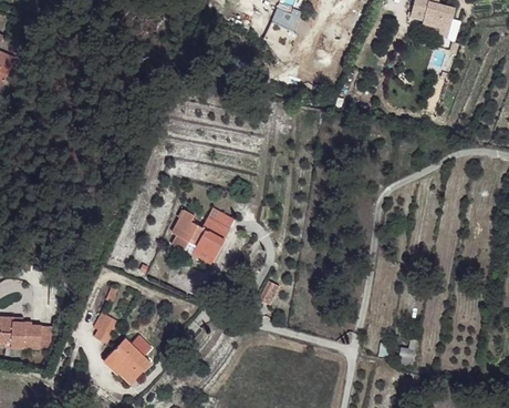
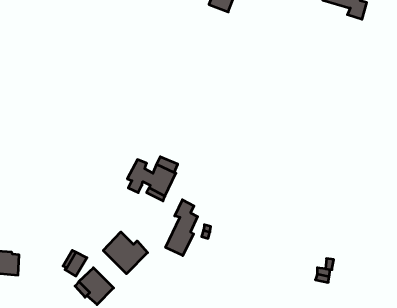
building: none -> [166,200,198,256]
building: none -> [103,232,148,274]

